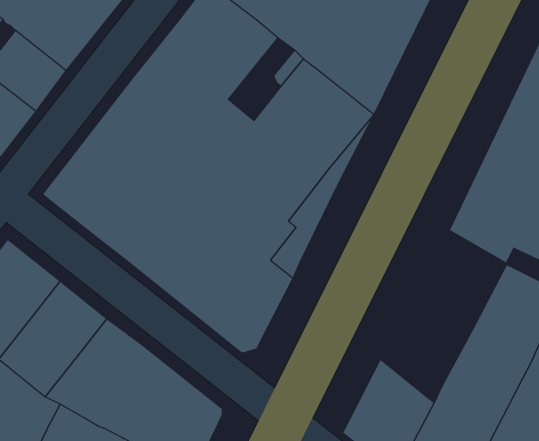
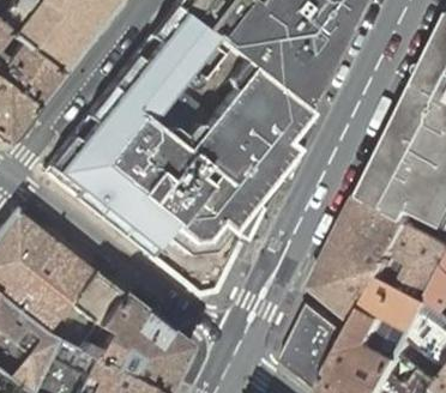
building: none -> [319,198,414,324]

